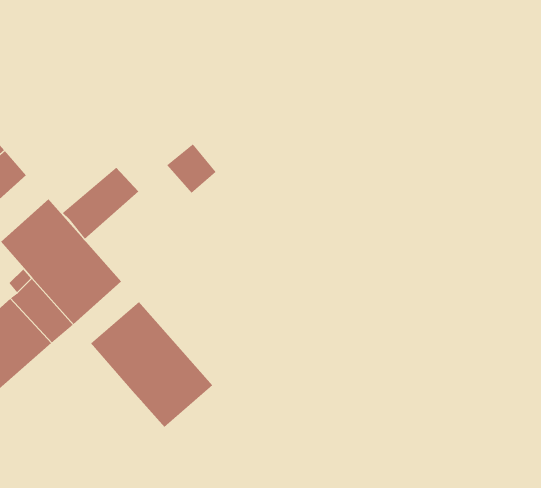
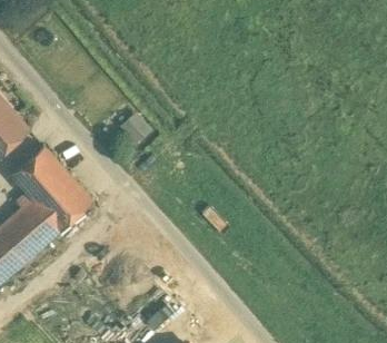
building: [62,167,139,240] -> none
building: [90,301,213,428] -> none

